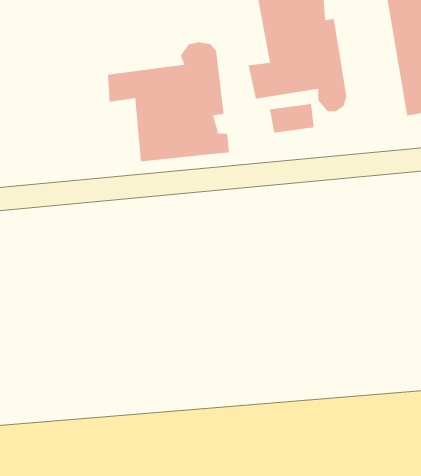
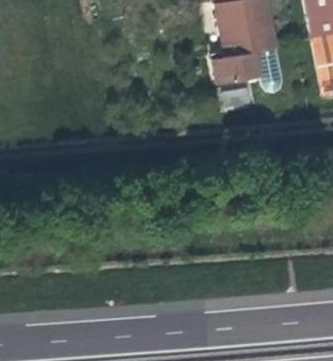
building: [107,41,230,162] -> none

